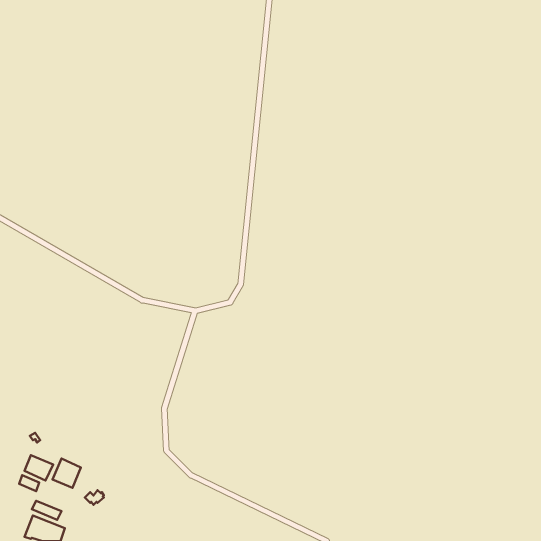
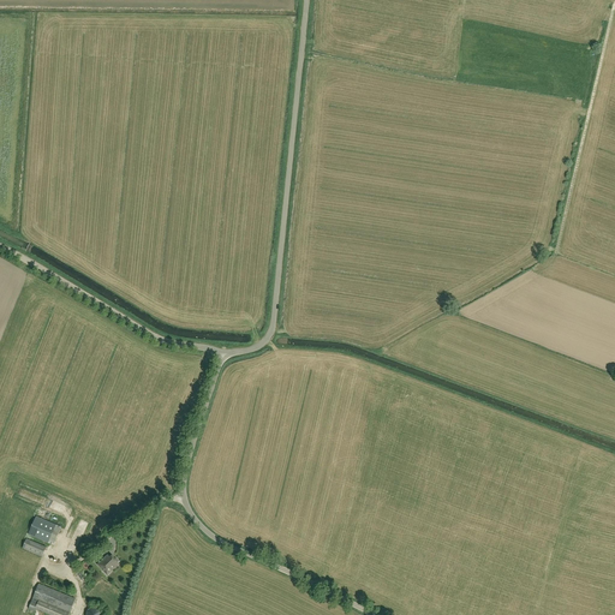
building: [52,459,81,488] -> none

